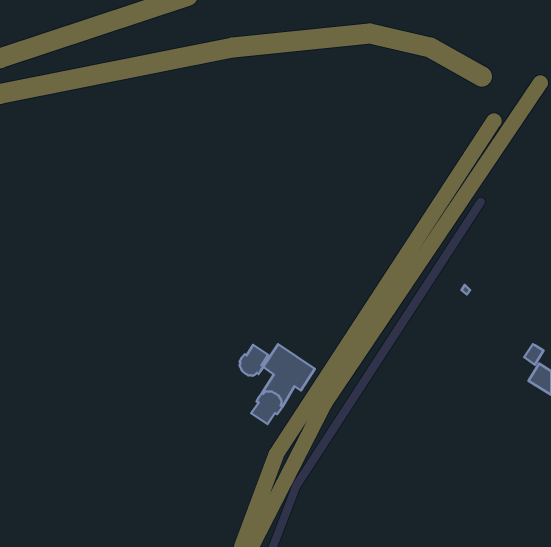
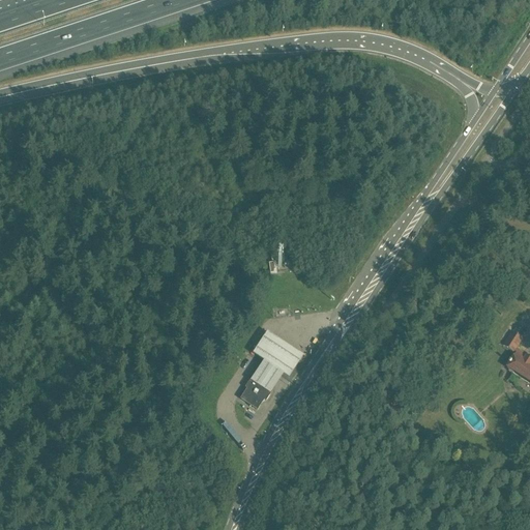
building: [239,345,268,376] -> none

